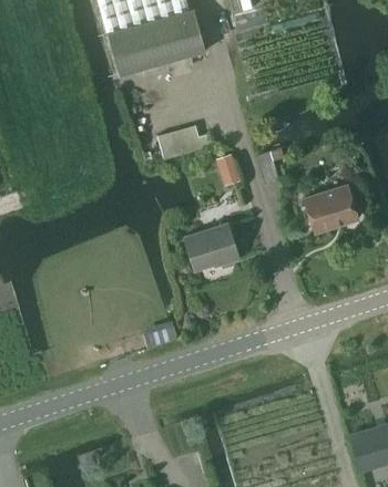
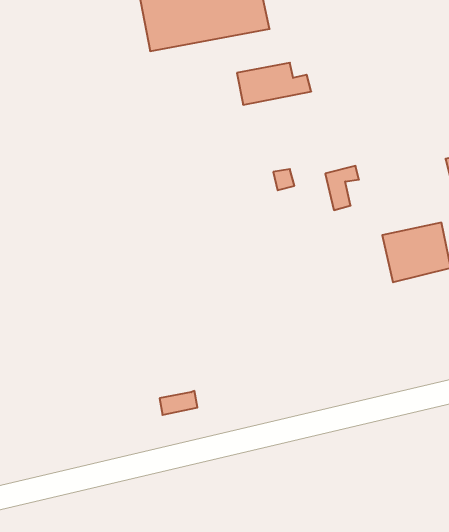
building: [156,126,213,160] -> [237,63,311,105]
building: [184,224,237,271] -> none

